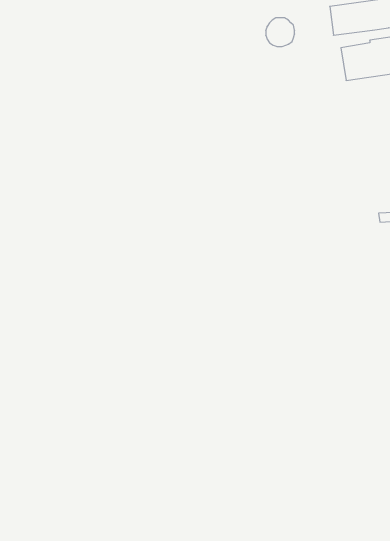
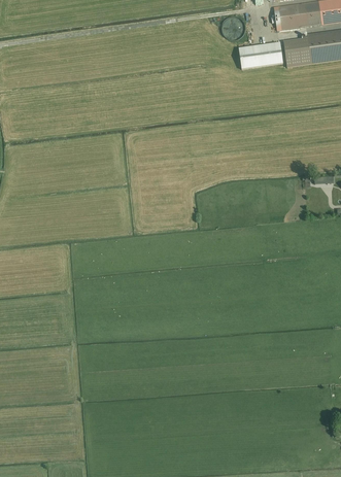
building: none -> [238,41,282,68]

